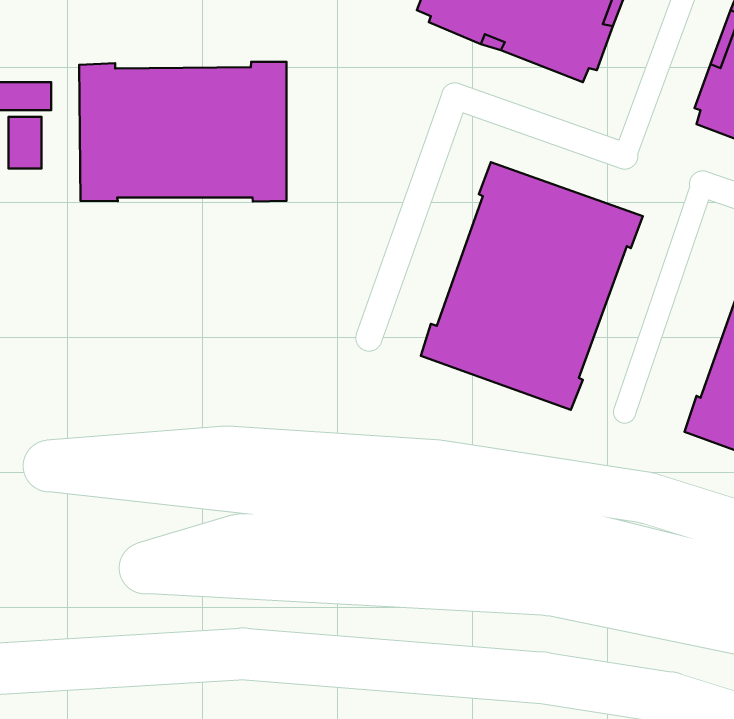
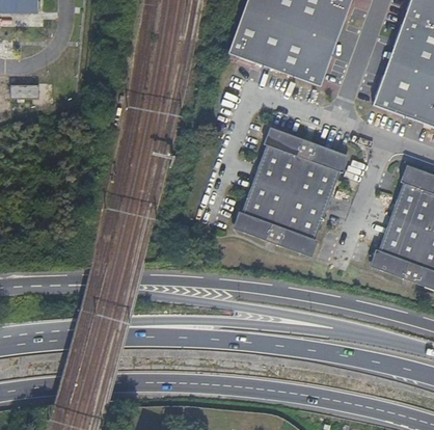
building: [79,62,286,201] -> none
building: [8,117,41,169] -> none

